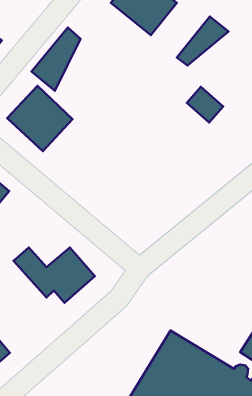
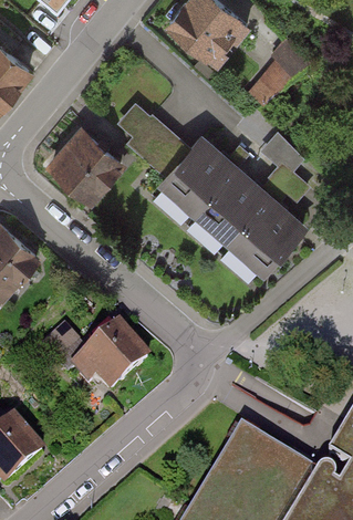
building: [31,28,80,91] -> none
building: none -> [121,107,307,279]

